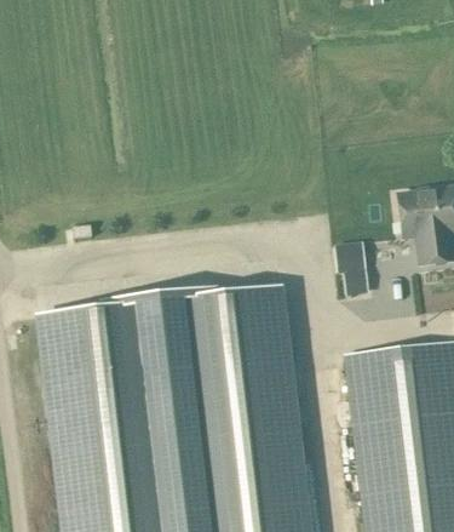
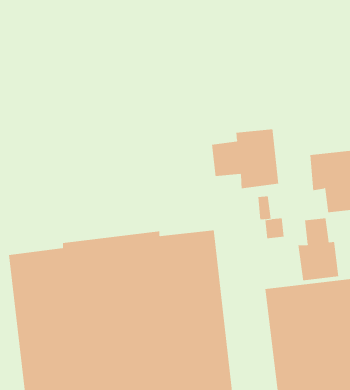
building: none -> [212,129,279,189]
building: none -> [298,217,339,281]

